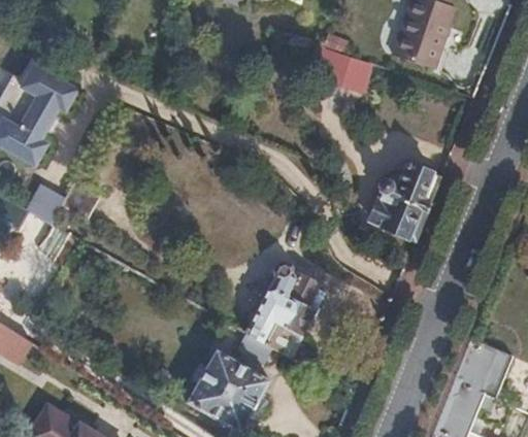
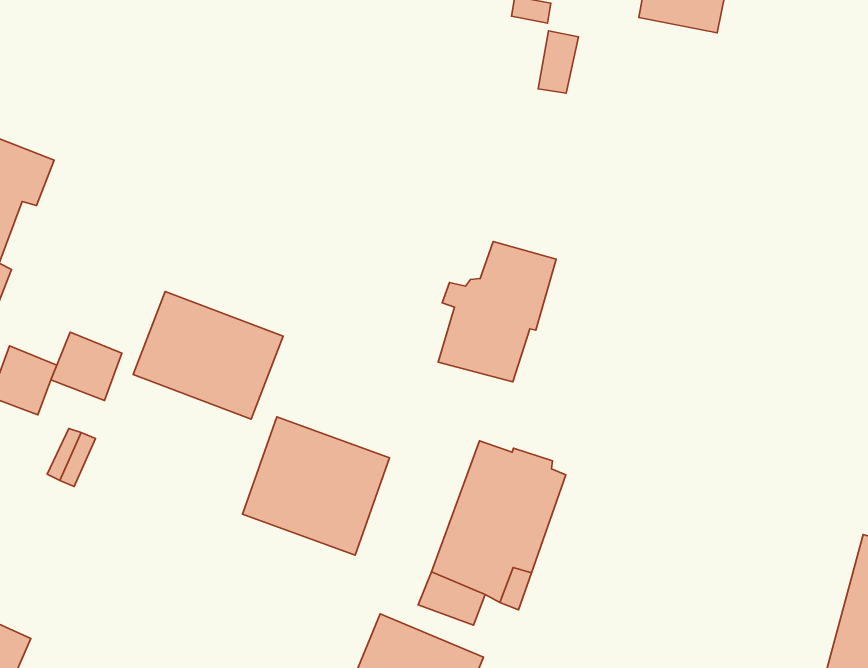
building: [372,162,441,237] -> [438,242,556,382]
building: none -> [133,291,283,419]
building: none -> [242,417,390,555]

